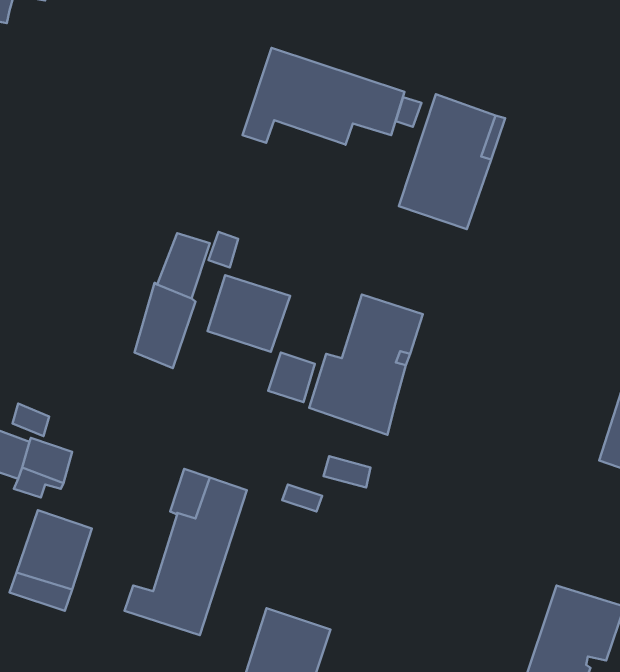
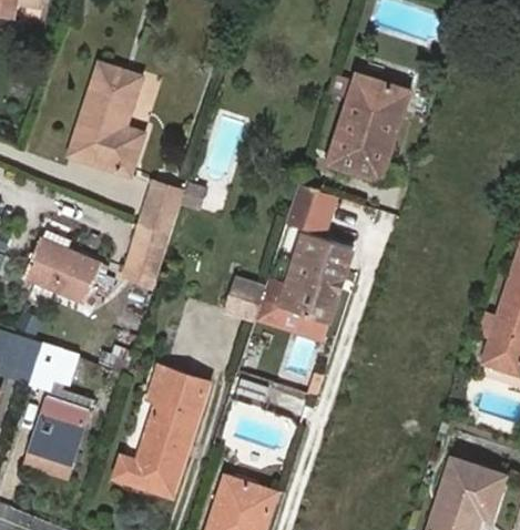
building: [242,48,405,145] -> none
building: none -> [65,61,137,170]
building: none -> [285,183,335,232]
building: [207,275,290,352] -> none
building: none -> [27,241,102,300]

